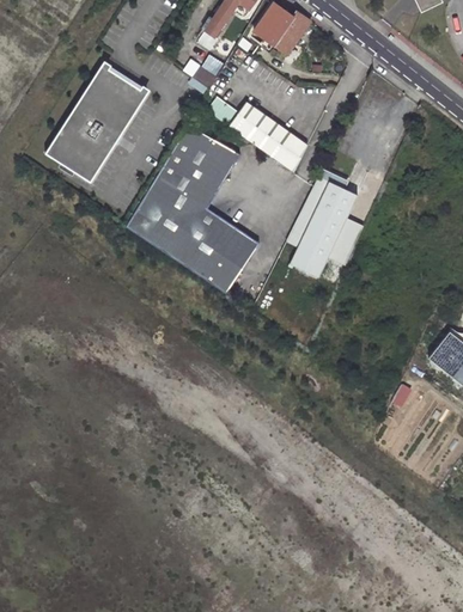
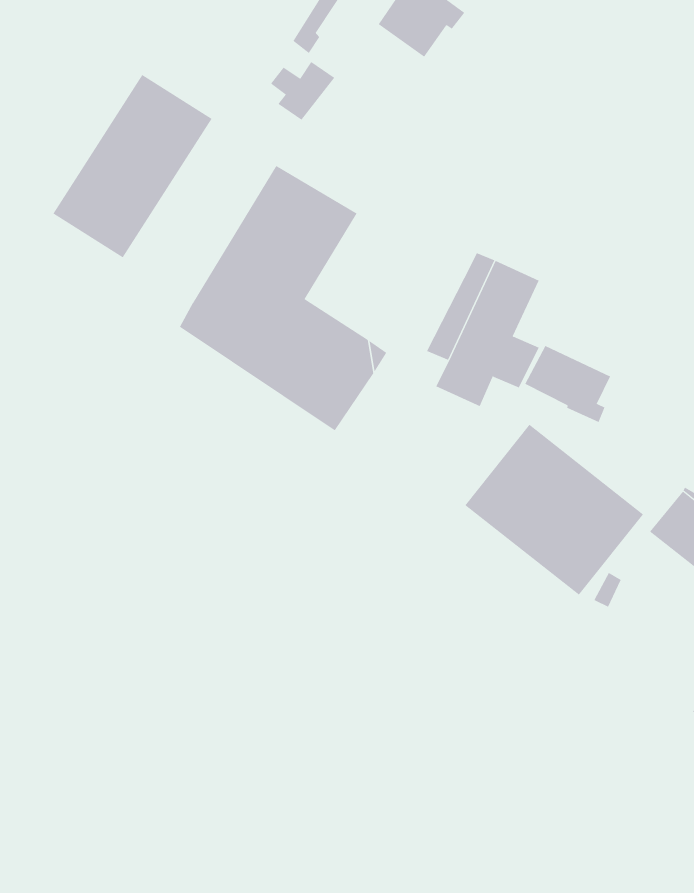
building: [227,103,307,172] -> none
building: none -> [524,345,611,423]
building: none -> [464,424,644,596]

